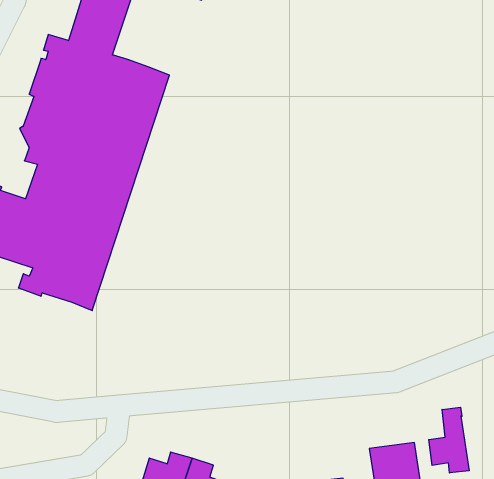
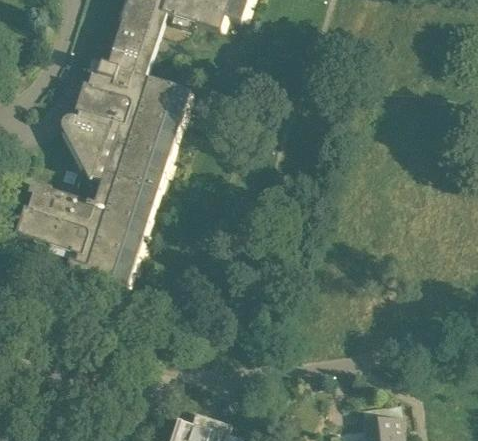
building: [429,407,469,473] -> none

